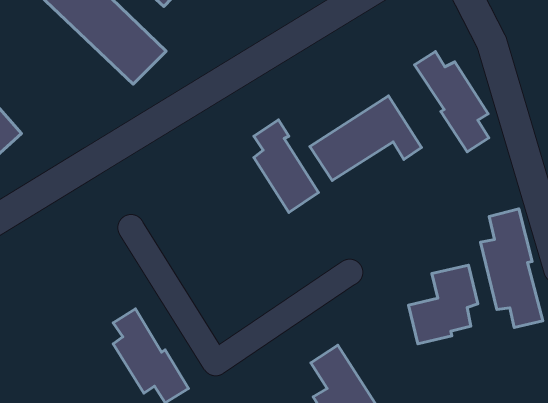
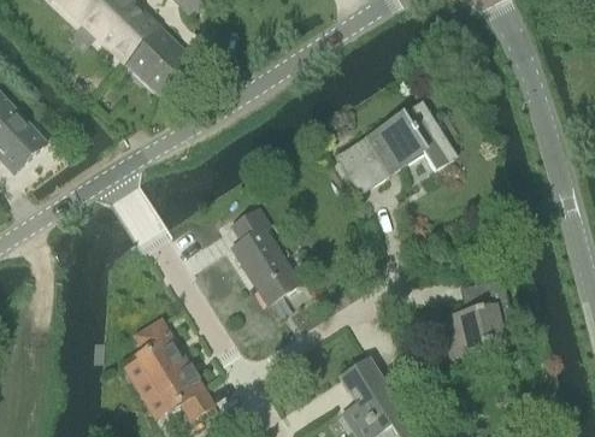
building: [415,51,489,152] -> none
building: [254,120,318,213] -> [234,209,300,305]
building: [481,209,543,328] -> none

